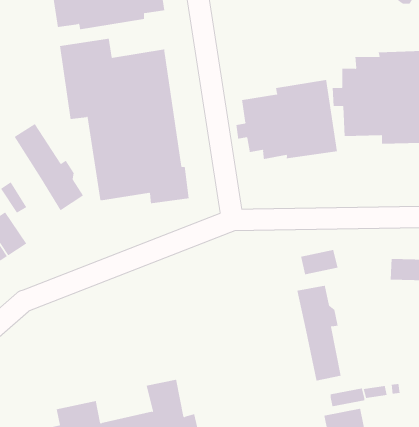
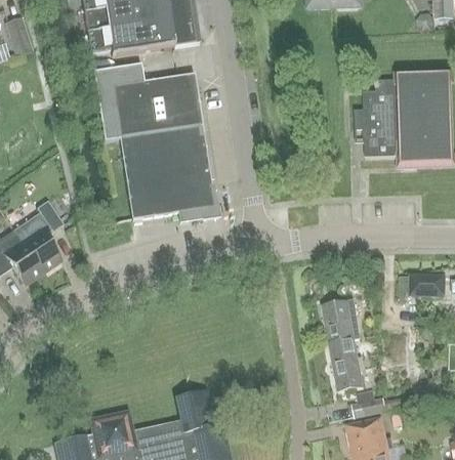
building: [236,79,337,160] -> none
building: [14,123,84,211] -> none
building: [300,249,338,275] -> none

